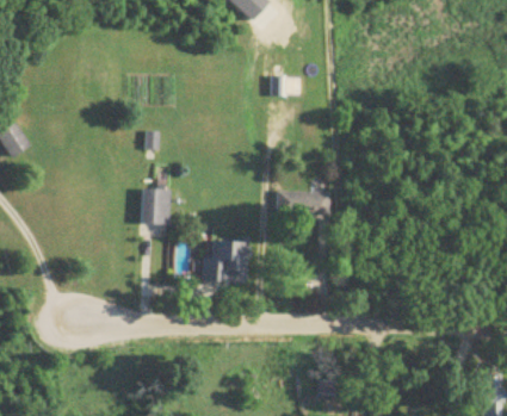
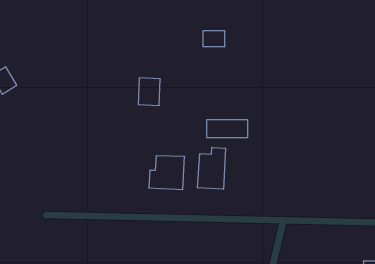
building: [141,188,169,224] -> [138,78,160,105]
building: none -> [198,147,226,189]

